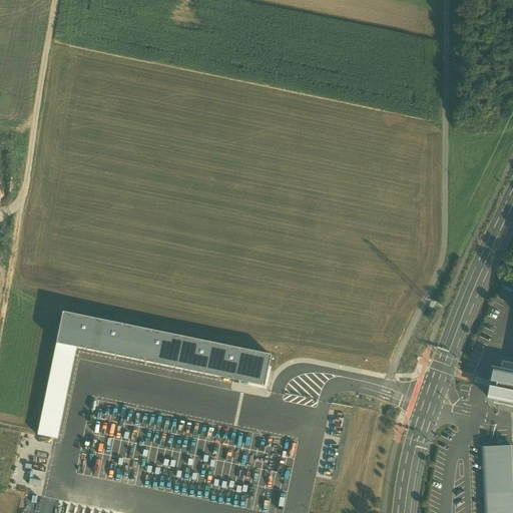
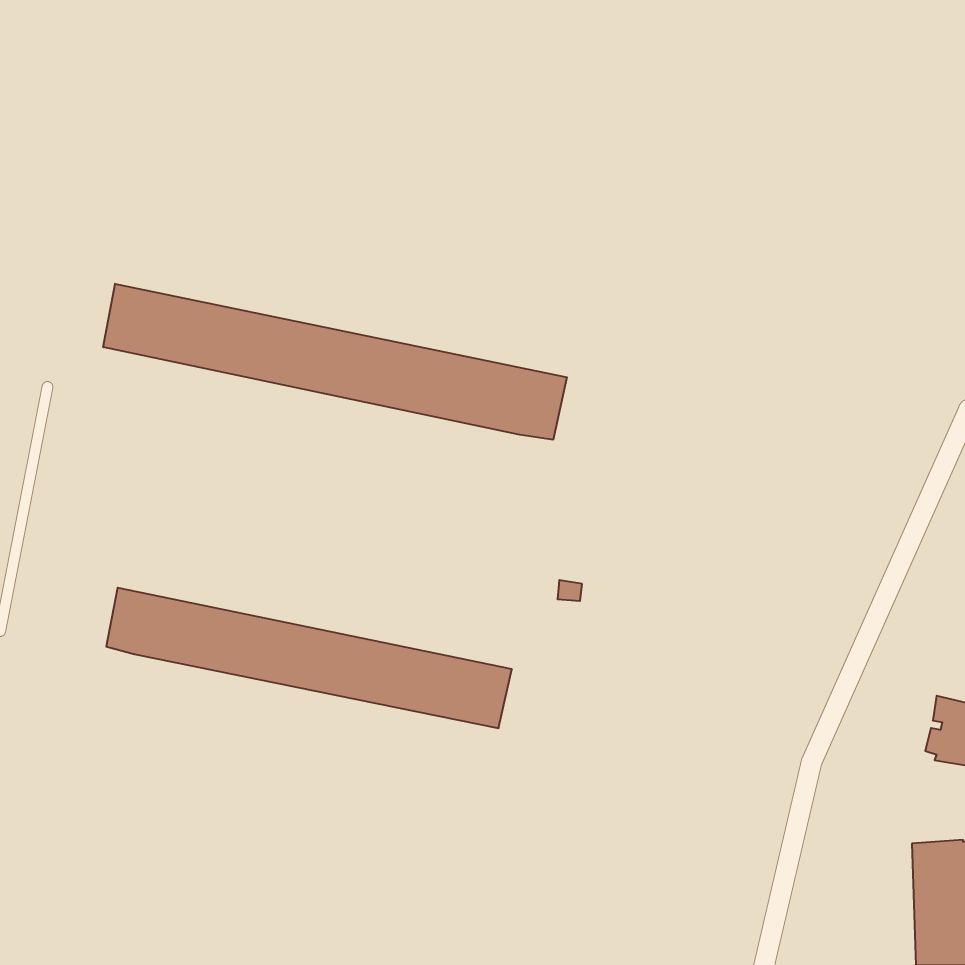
building: none -> [103,284,567,440]
building: [39,342,73,437] -> none

